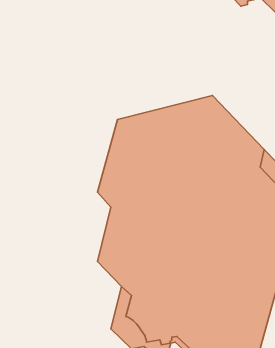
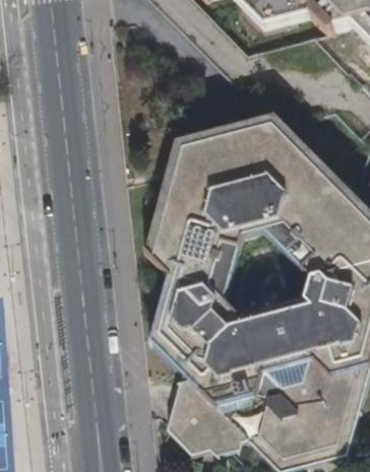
building: none -> [175,116,291,162]

